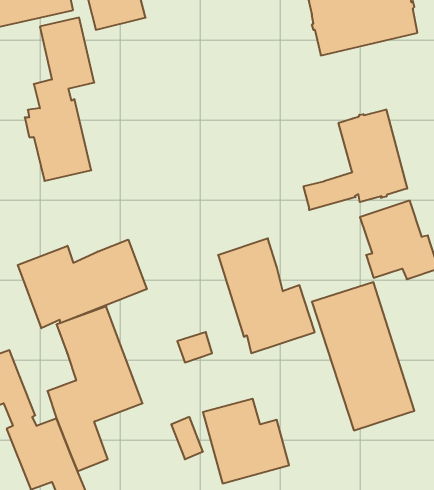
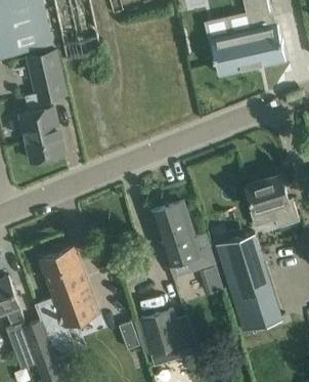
building: [304,109,407,210] -> none
building: [18,240,147,328] -> none

